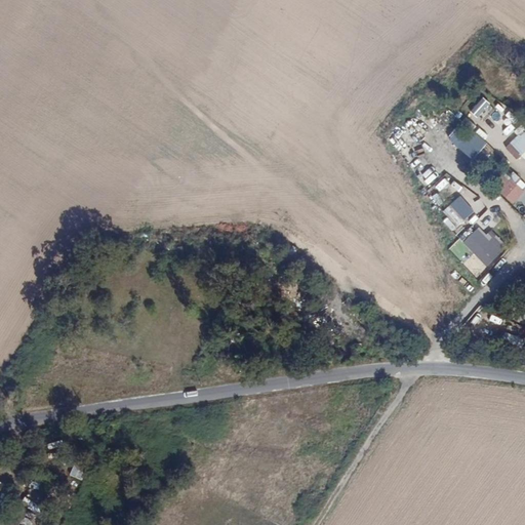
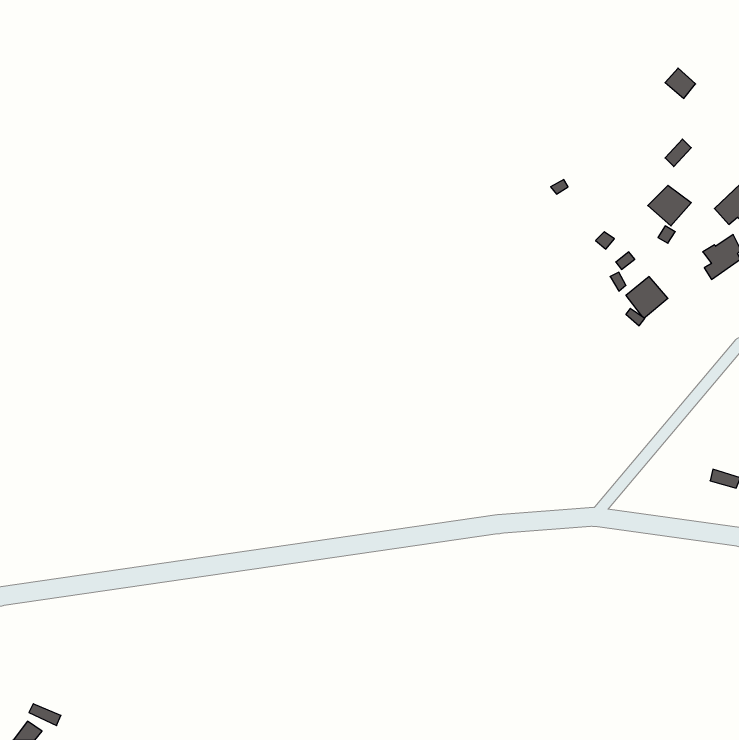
building: [463,228,502,268] -> none

